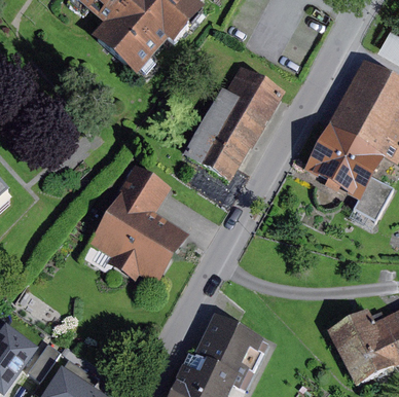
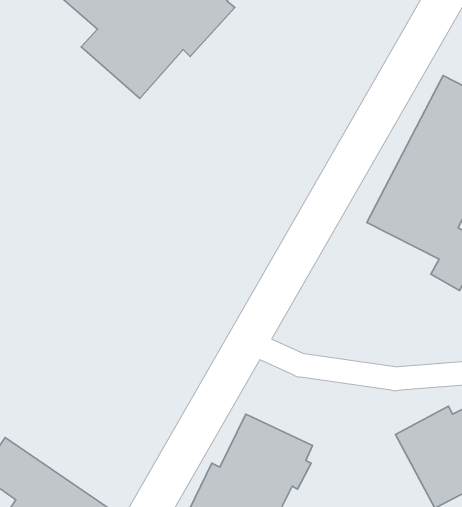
building: [183,65,284,181] -> none
building: [90,163,188,281] -> none

